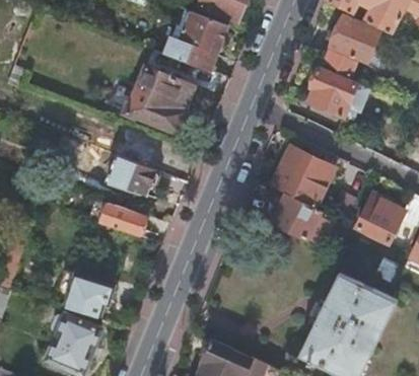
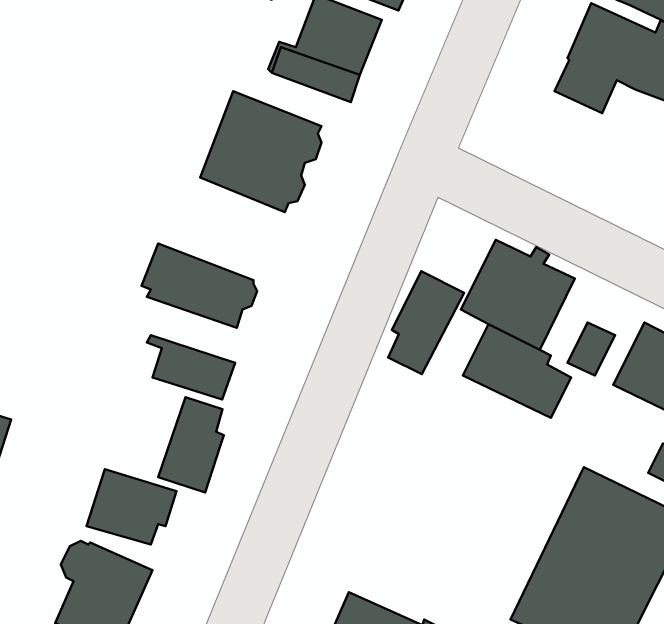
building: [308,68,368,121] -> none
building: none -> [388,271,464,374]
building: none -> [158,397,224,493]

